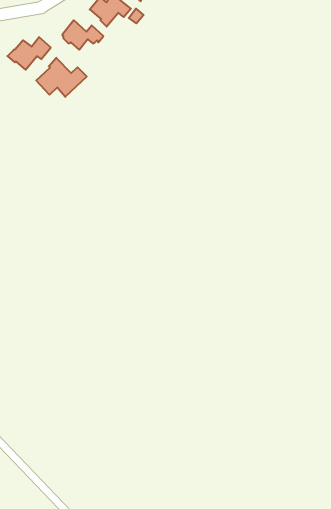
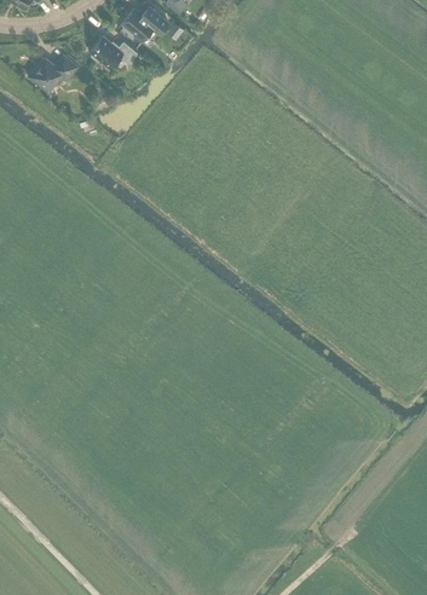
building: [36,58,87,97] -> none

